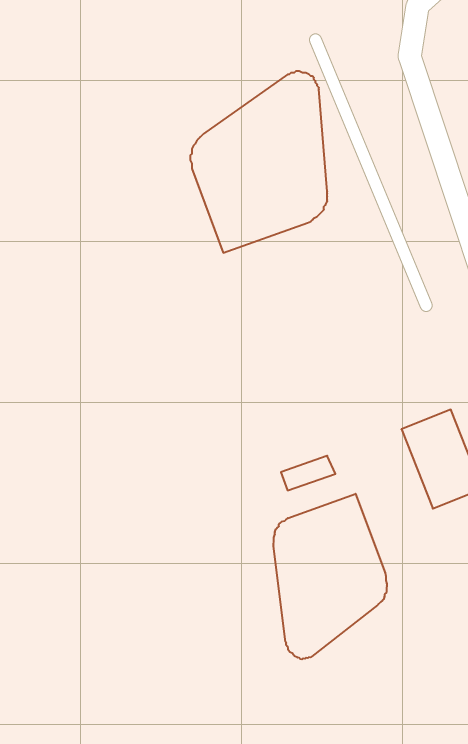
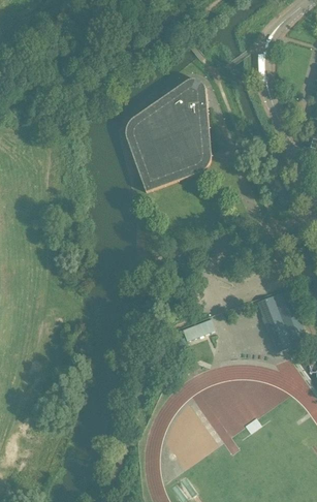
building: [274,494,387,659] -> none

